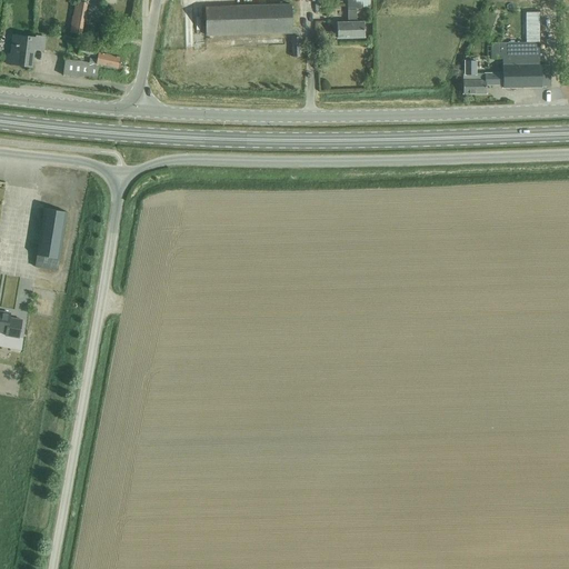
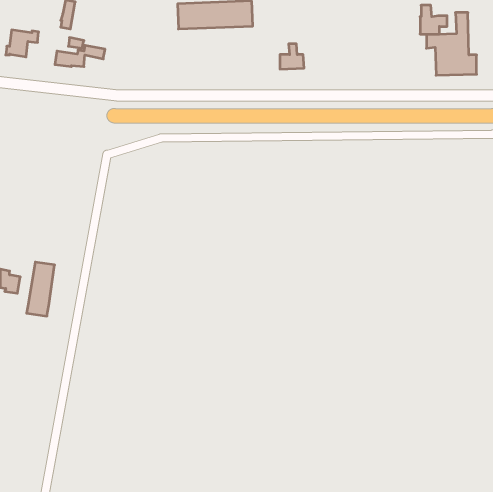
building: [337,7,365,36] -> [280,44,304,69]
building: [463,60,495,93] -> [420,5,447,34]
building: [34,208,67,270] -> [27,262,55,316]

